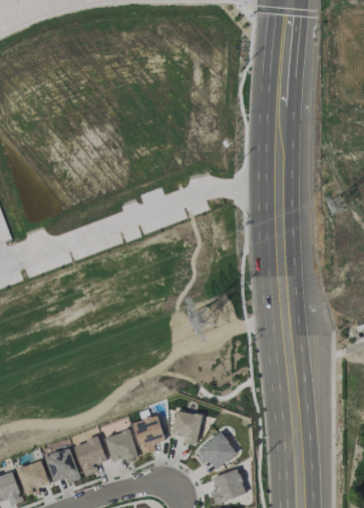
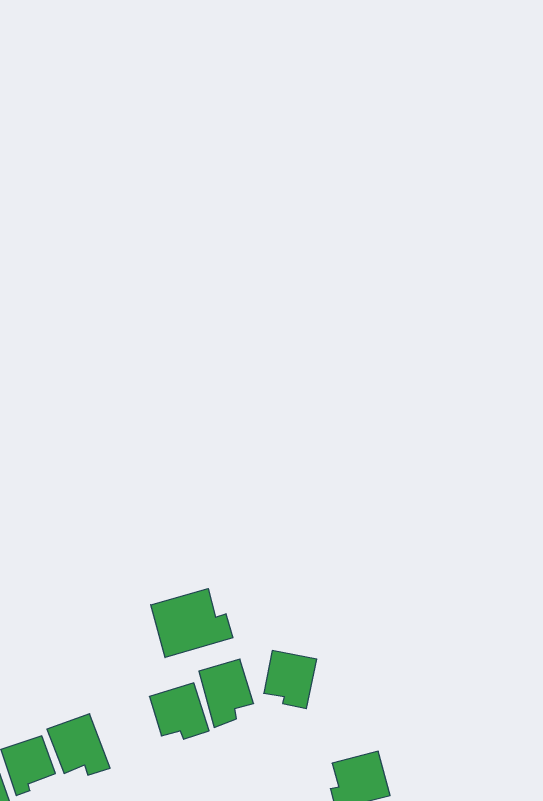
building: none -> [151,589,233,658]
building: [194,431,236,470] -> none
building: [72,437,106,476] -> none

